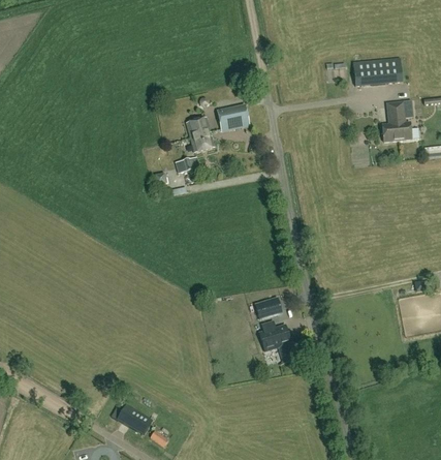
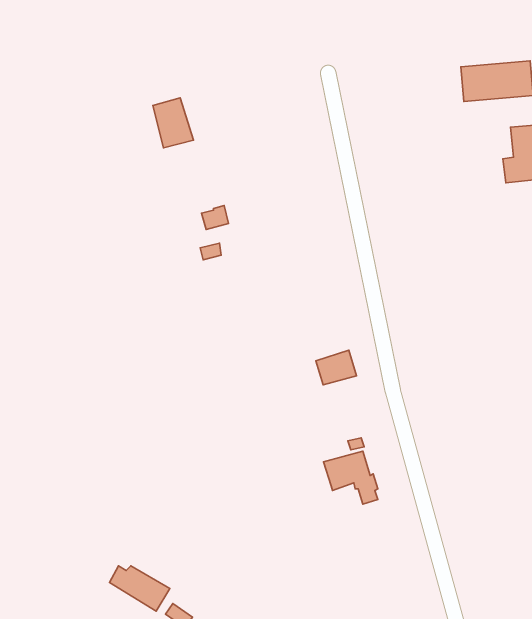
building: [218,106,250,131] -> none
building: [188,114,216,148] -> [153,98,194,148]
building: [255,297,283,320] -> [316,350,356,385]

